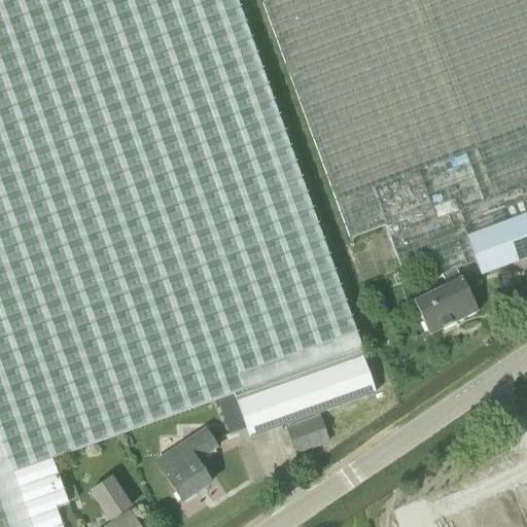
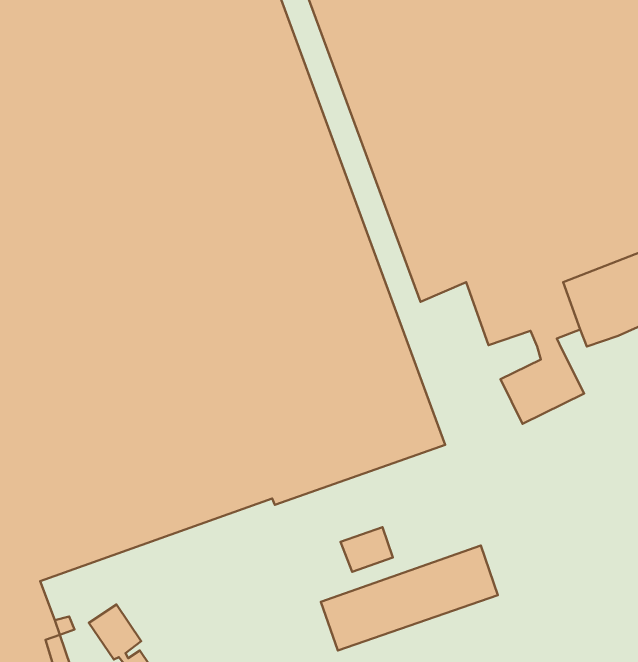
building: [234,353,373,435] -> [321,545,498,650]
building: [153,427,215,501] -> none

